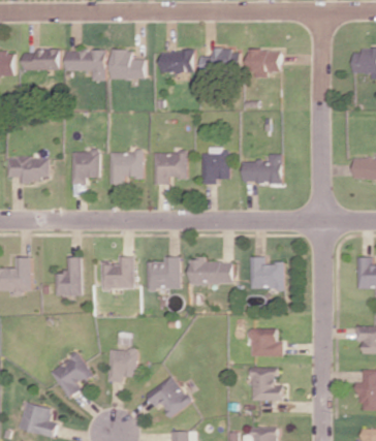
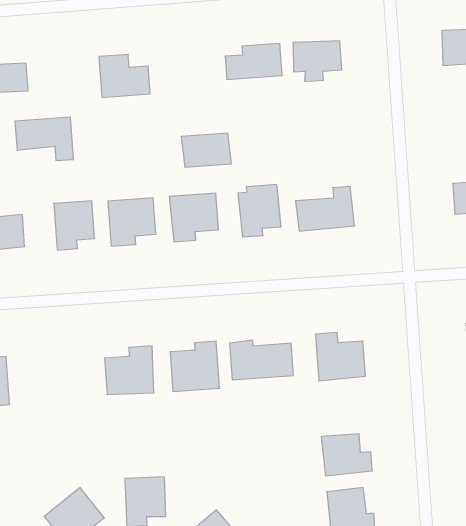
building: [66,51,105,81] -> [15,117,73,161]
building: [161,51,195,72] -> [181,133,231,167]
building: [55,257,82,295] -> none

